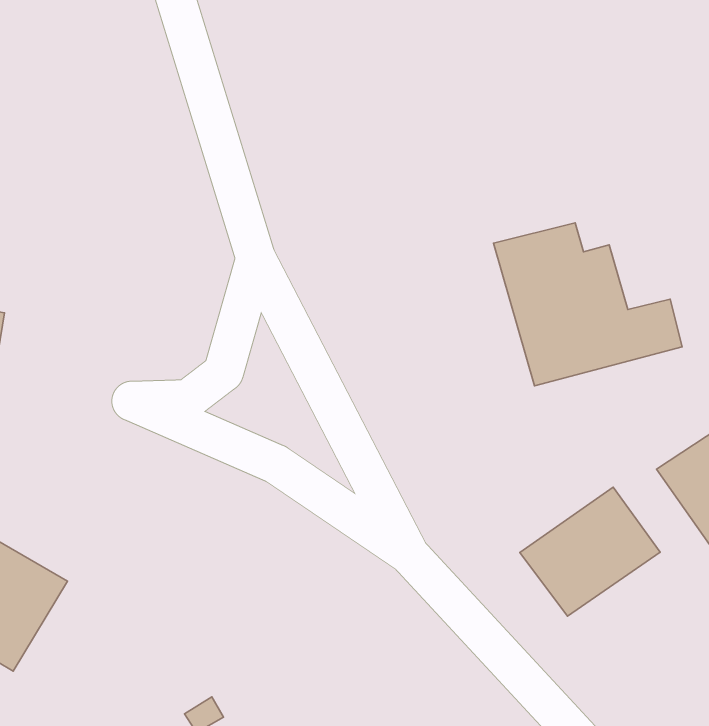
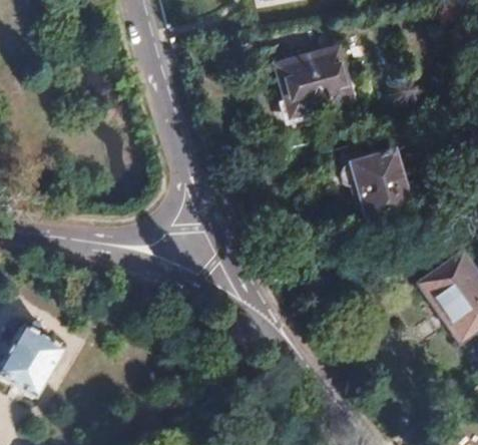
building: none -> [272,34,352,115]
building: [520,487,660,616] -> none

